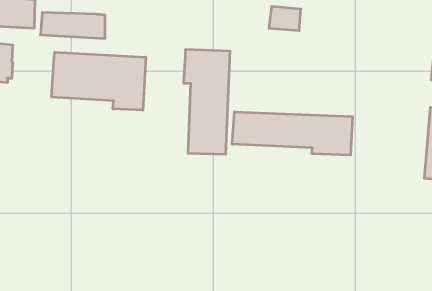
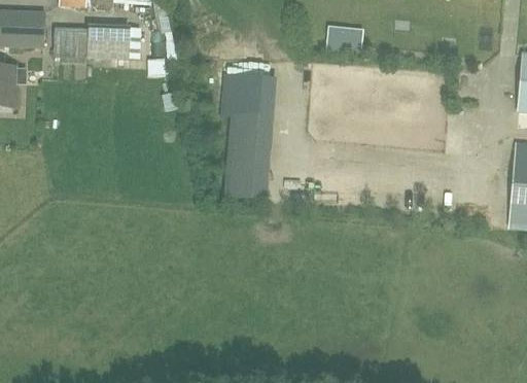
building: [52,52,146,110] -> none
building: [232,112,352,155] -> none

